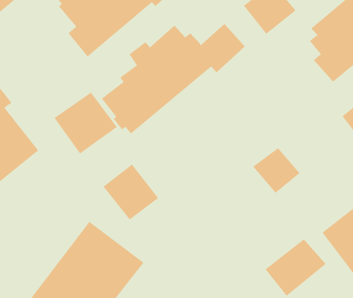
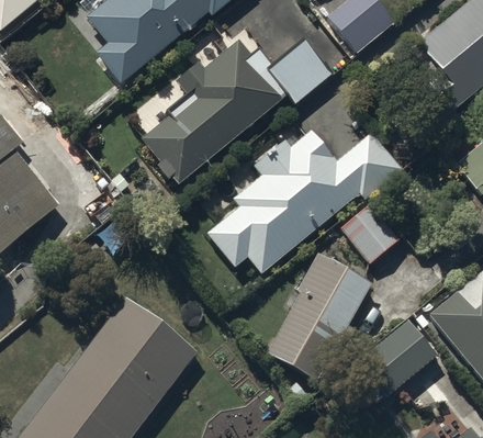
building: [54,91,118,155] -> none
building: none -> [206,131,401,272]
building: [103,163,159,220] -> none
building: none -> [267,251,372,382]

